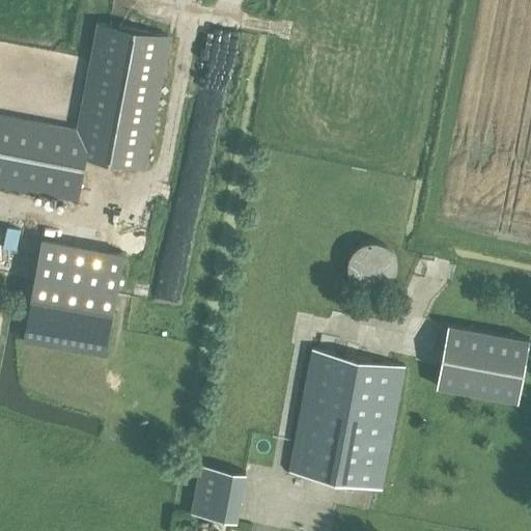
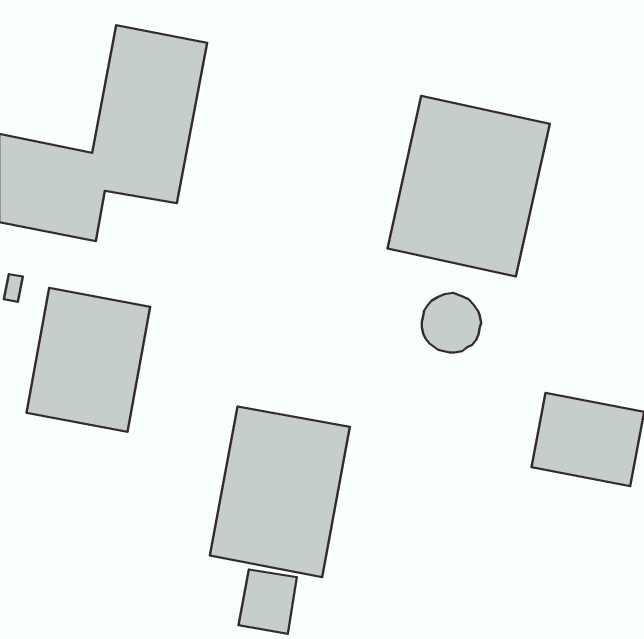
building: none -> [387,96,550,276]
building: [289,352,404,492] -> [210,407,350,577]

